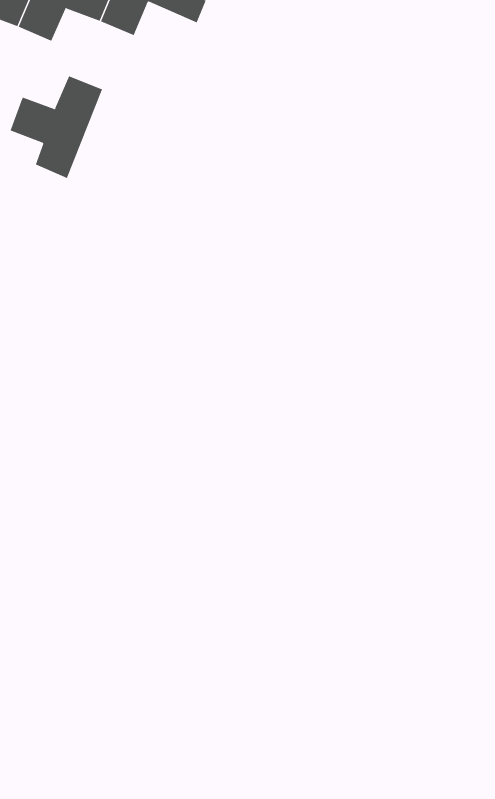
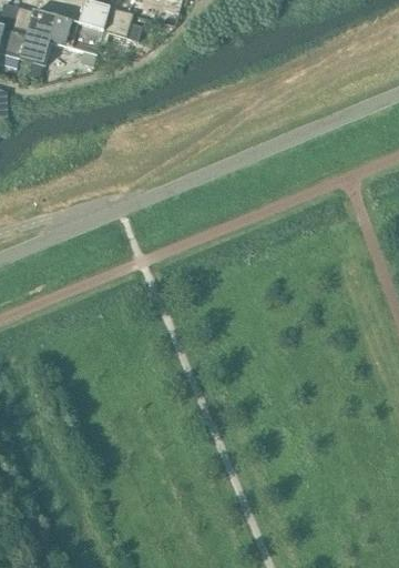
building: [10,76,103,179] -> none

